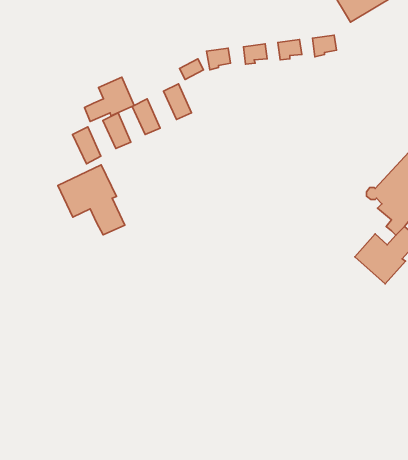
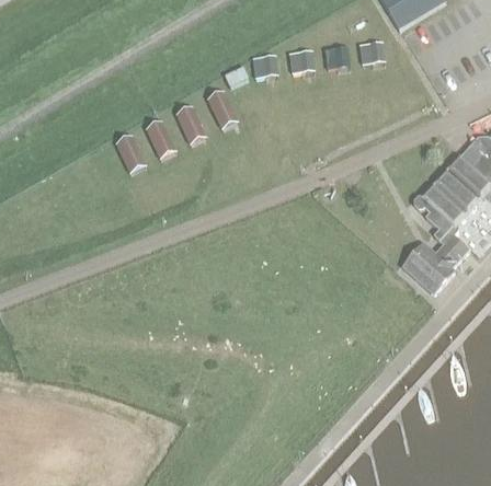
building: [85,77,134,122] -> none
building: [58,165,125,235] -> none

